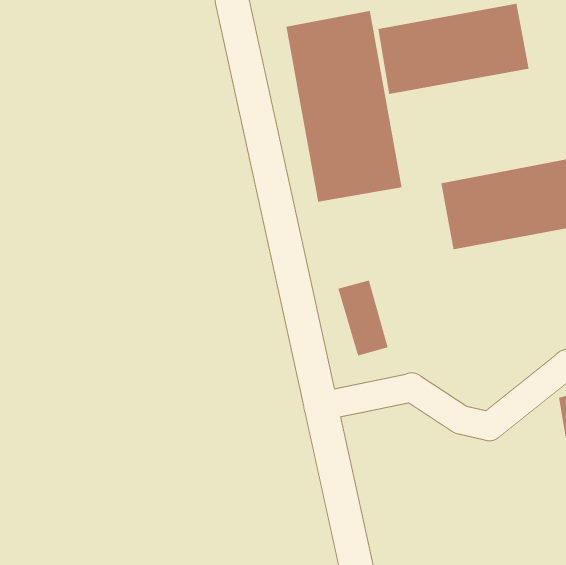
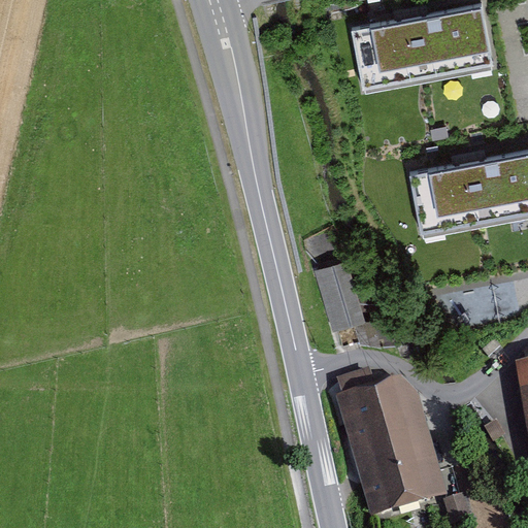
building: [286,10,402,203] -> none
building: none -> [336,378,448,518]

